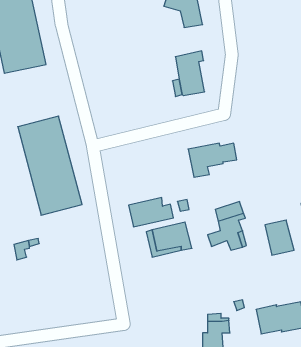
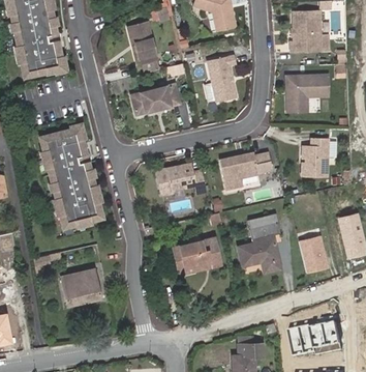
building: none -> [291,12,319,52]
building: none -> [125,20,156,62]
building: none -> [288,75,329,110]
building: none -> [128,84,179,116]
building: none -> [301,140,327,177]
building: [129,198,173,227] -> [154,163,202,194]
building: none -> [61,266,100,305]

